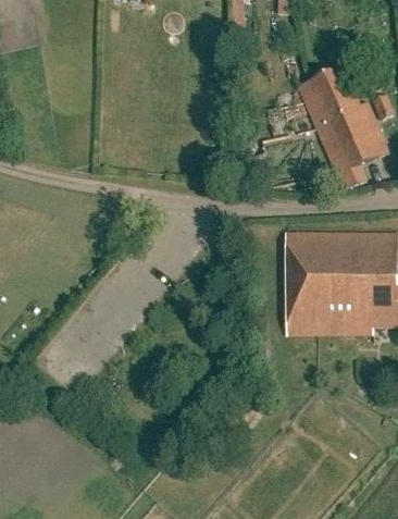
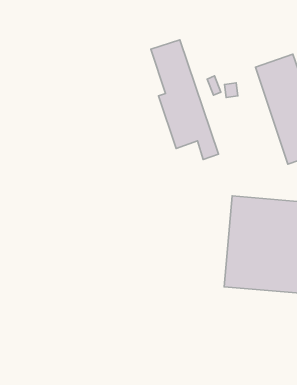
building: none -> [151,40,219,159]

